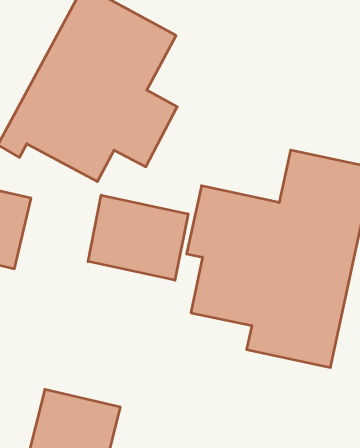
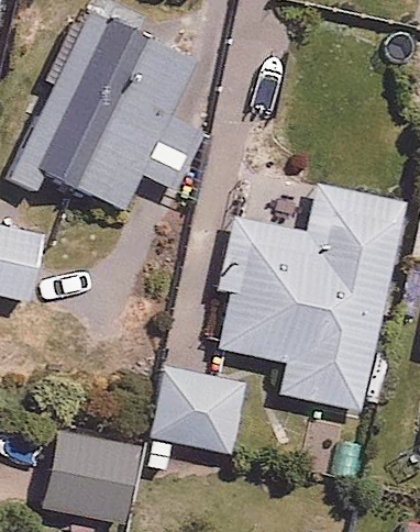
building: [88,195,188,280] -> none
building: none -> [150,363,248,453]

